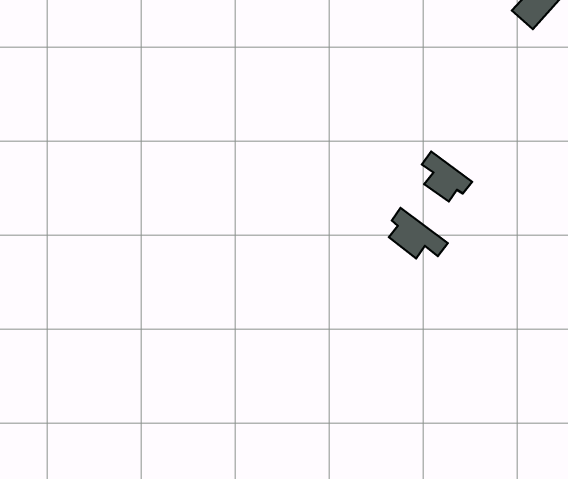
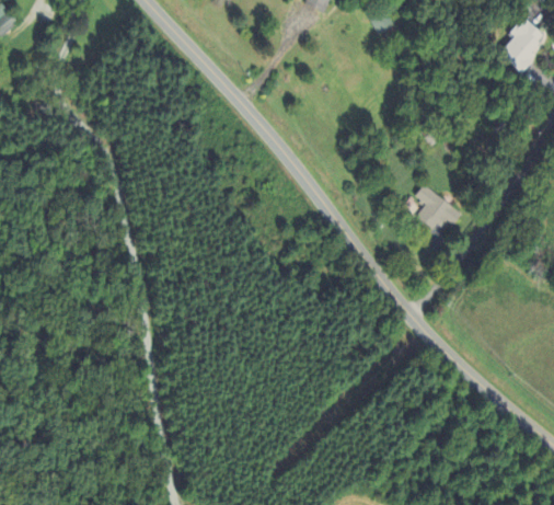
building: [389,208,448,259] -> none

